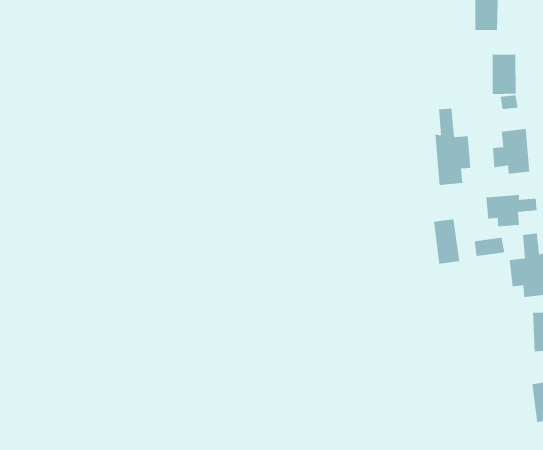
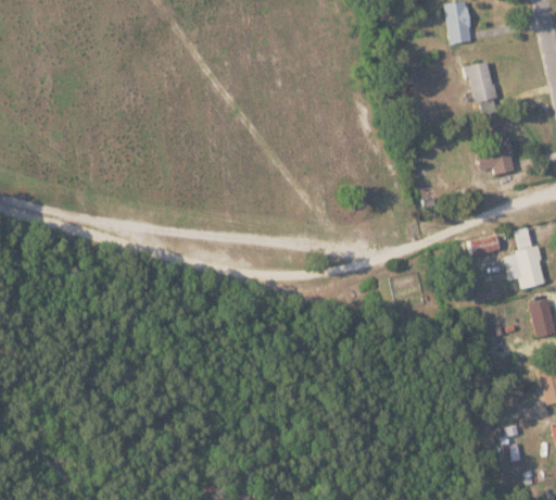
building: [435,108,471,186] -> none
building: [486,194,537,227] -> none
building: [434,219,460,264] -> none

